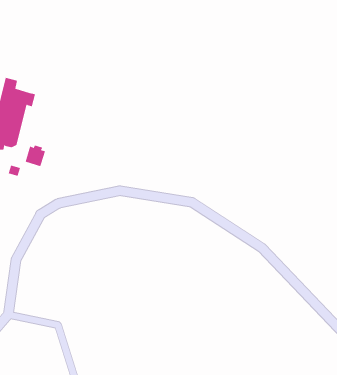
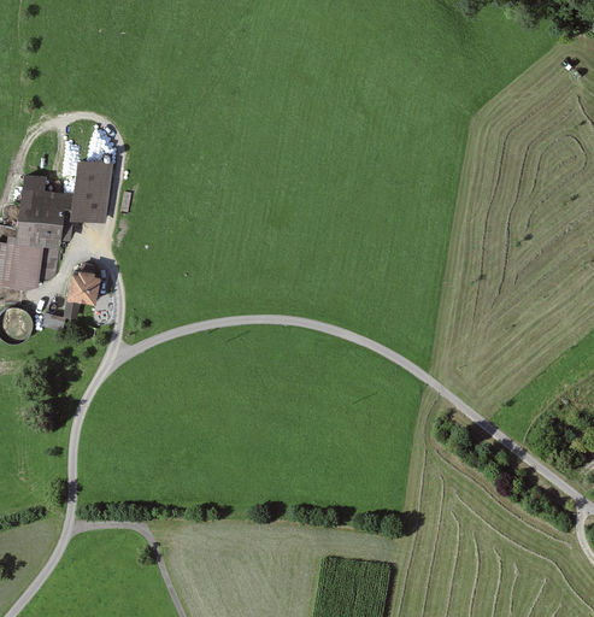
building: none -> [73,163,111,221]

